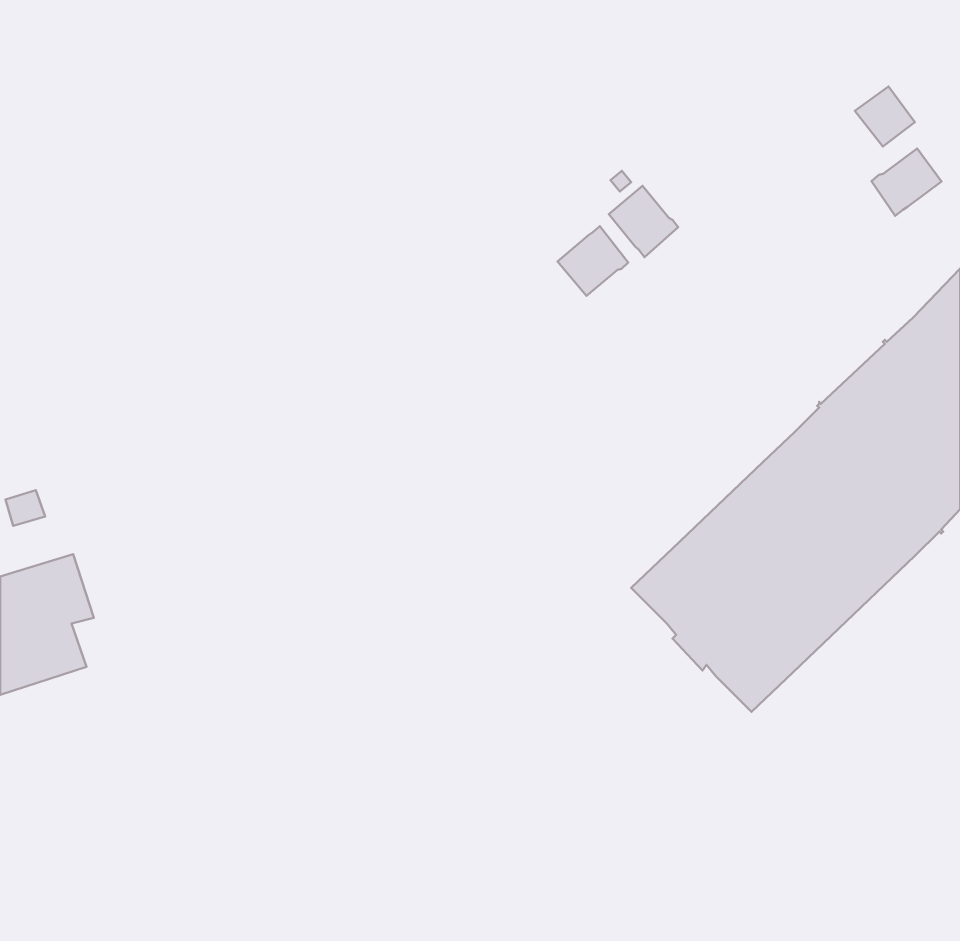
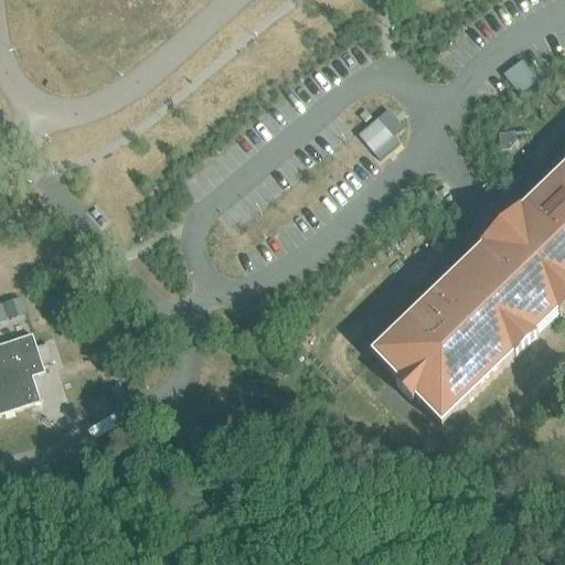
building: [871,148,942,216] -> none
building: [558,226,628,296] -> none

